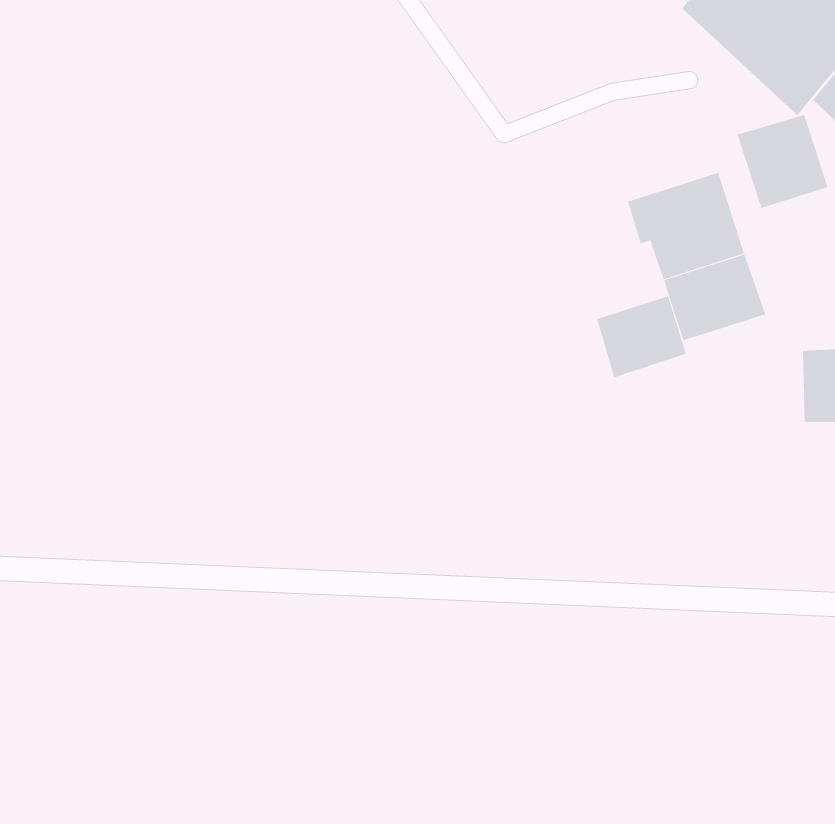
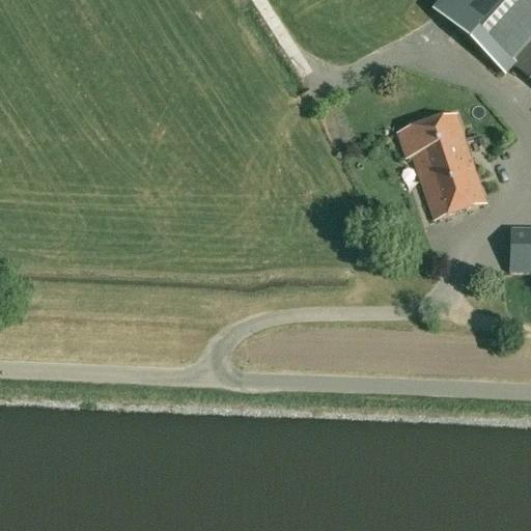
building: [737,114,828,209] -> none
building: [596,295,687,378] -> none

